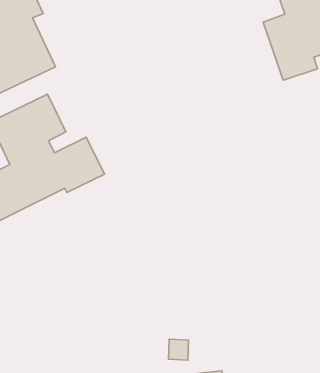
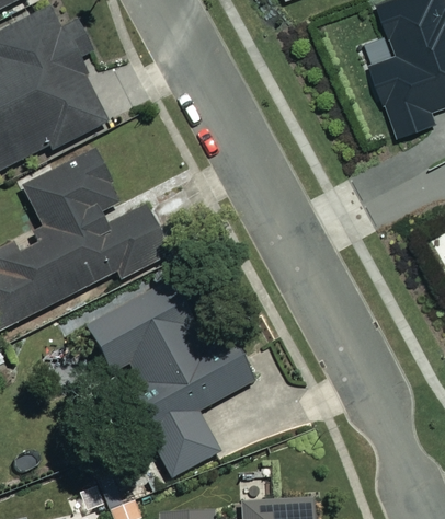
building: none -> [90,289,256,477]

